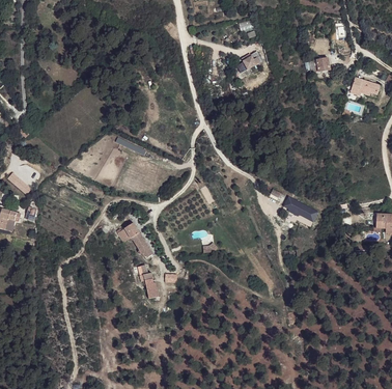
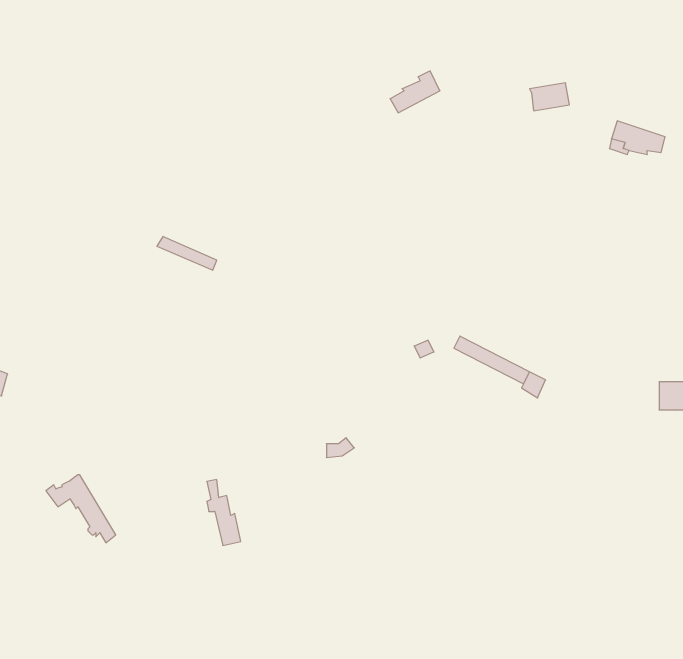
building: [116,222,152,257] -> [46,475,116,543]

